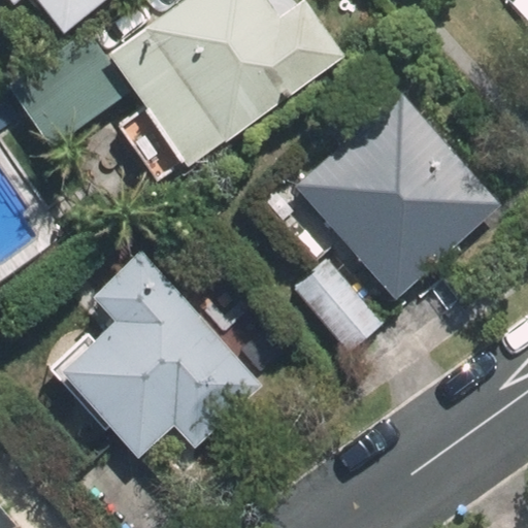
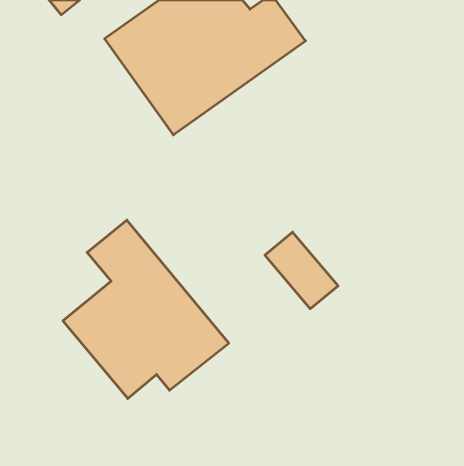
building: [301,99,498,295] -> none

